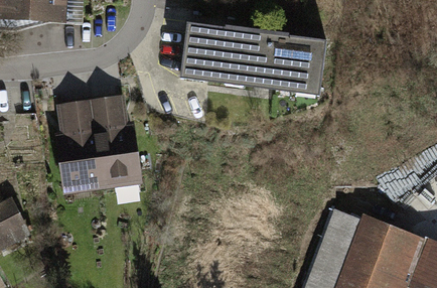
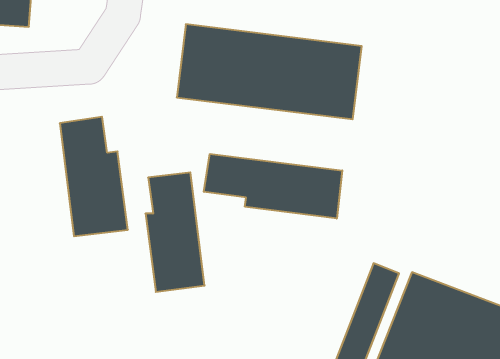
building: [54,99,101,192] -> [145,172,205,292]
building: none -> [204,154,342,219]

